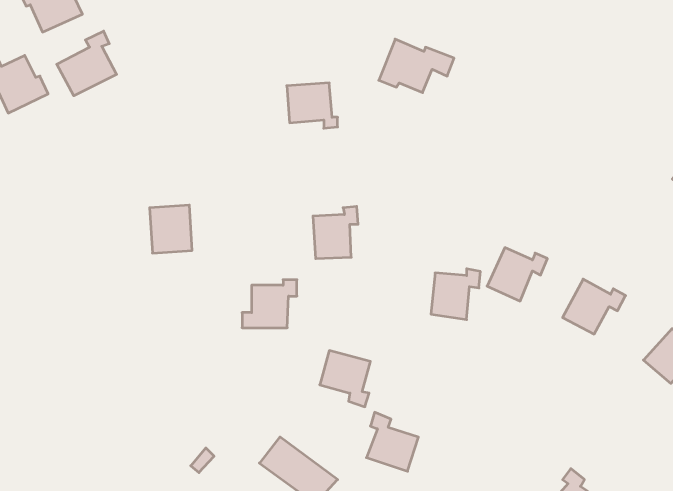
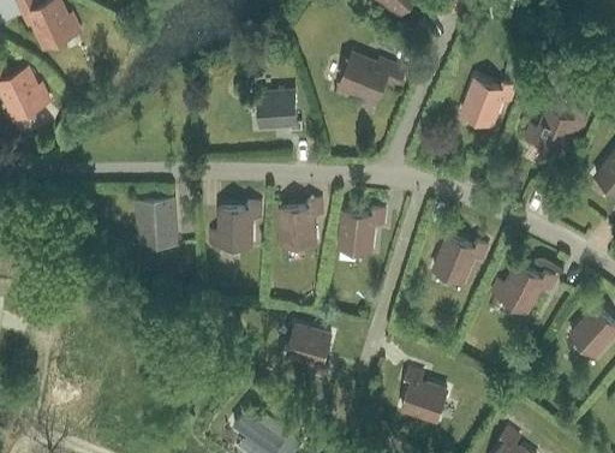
building: [57,31,117,96] -> none
building: none -> [461,79,513,125]
building: none -> [525,108,585,155]
building: [431,269,480,320] -> [339,209,382,254]
building: [242,280,297,328] -> [210,204,258,246]
building: [366,412,418,471] -> [400,370,446,422]

